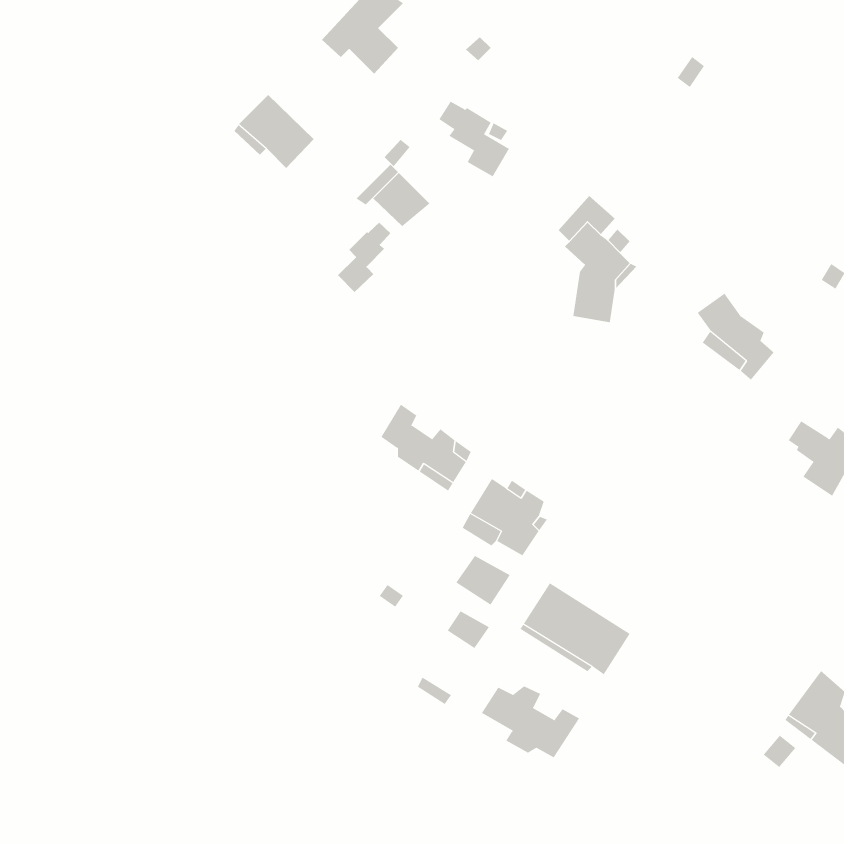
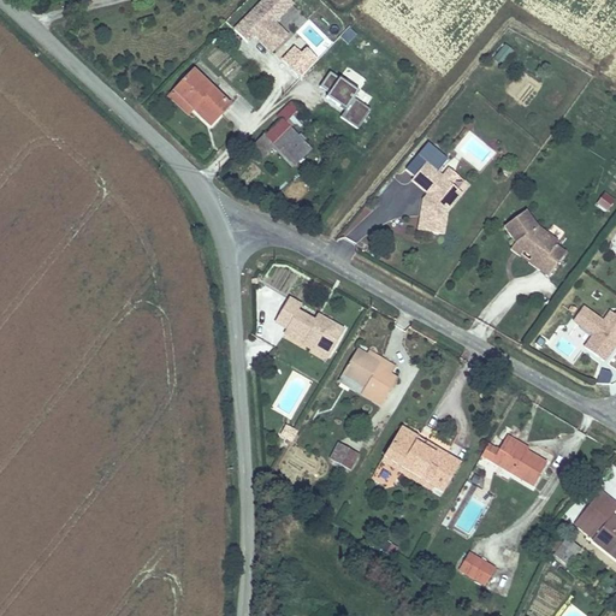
building: none -> [283,46,320,77]
building: [337,222,391,293] -> none
building: [456,555,510,605] -> none
building: none -> [482,431,549,482]
building: [481,685,580,758] -> none
building: none -> [455,550,491,580]

